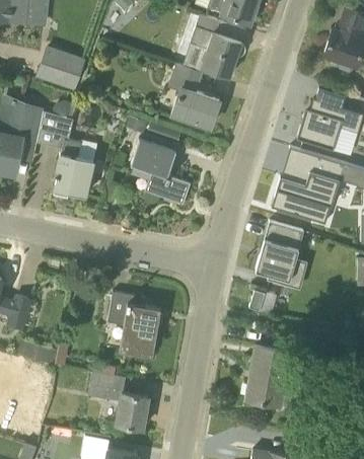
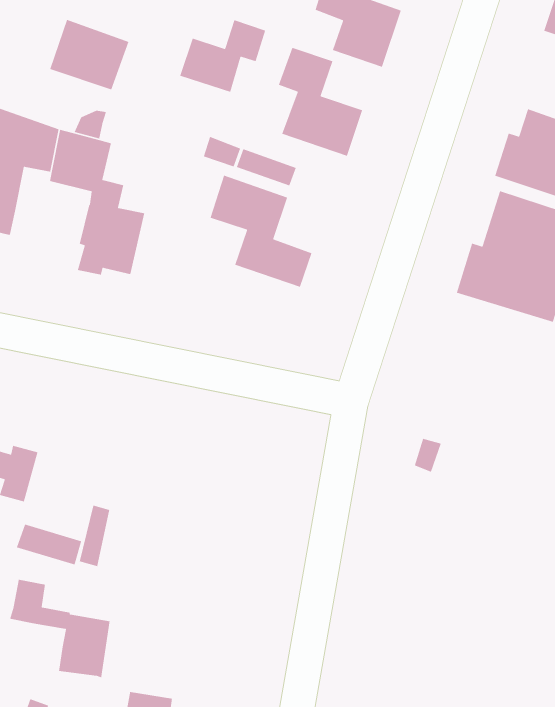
building: none -> [179,19,266,93]
building: [254,222,303,283] -> none
building: [106,292,160,352] -> none
building: [245,347,290,406] -> none
building: [87,372,146,430] -> [9,579,111,678]

